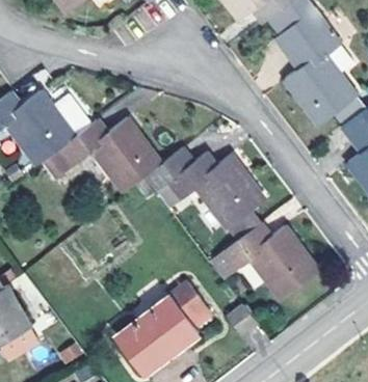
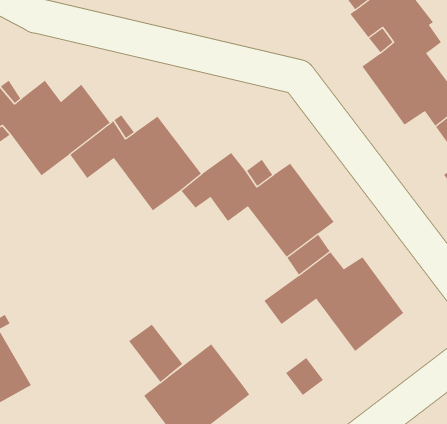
building: [168,280,211,326] -> [128,324,183,383]

